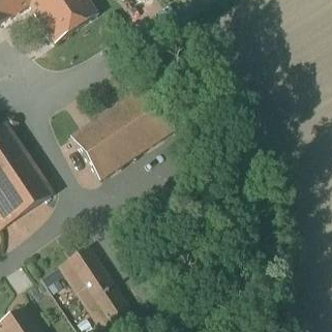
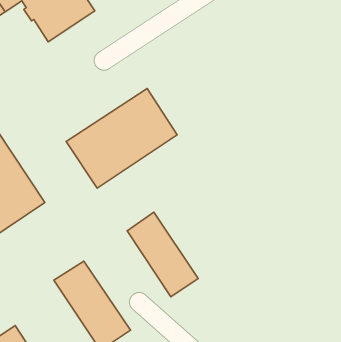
building: none -> [127,212,198,297]

